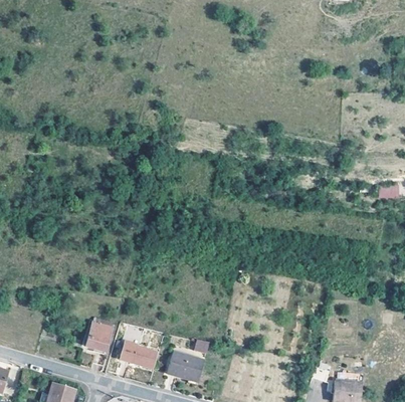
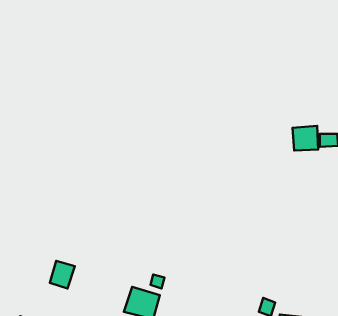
building: none -> [293,126,318,151]
building: [121,341,157,369] -> none

